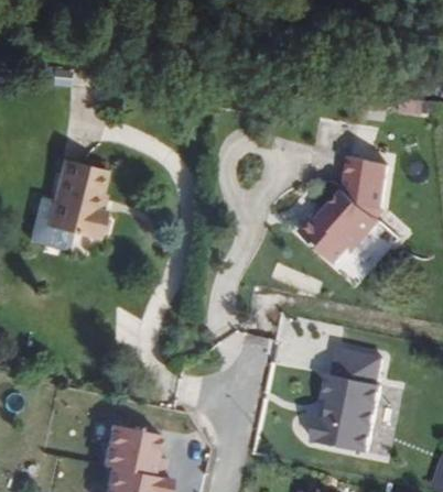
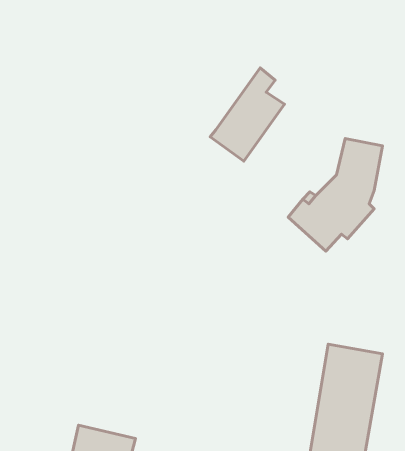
building: none -> [210,68,285,161]
building: [45,162,109,242] -> none

